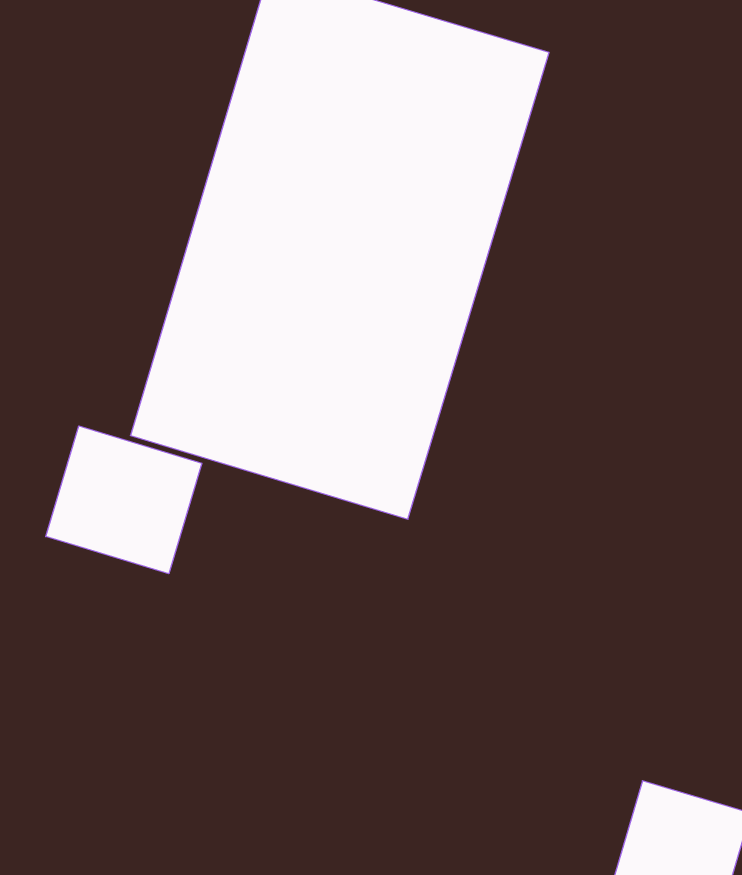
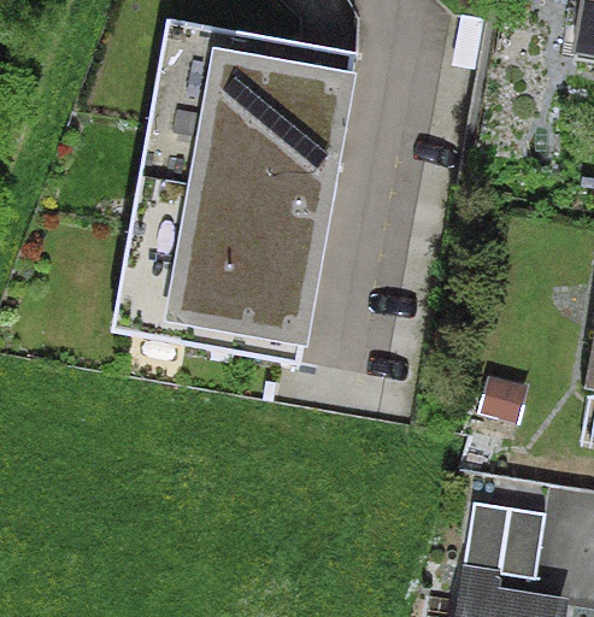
building: [46,426,202,574] -> none

